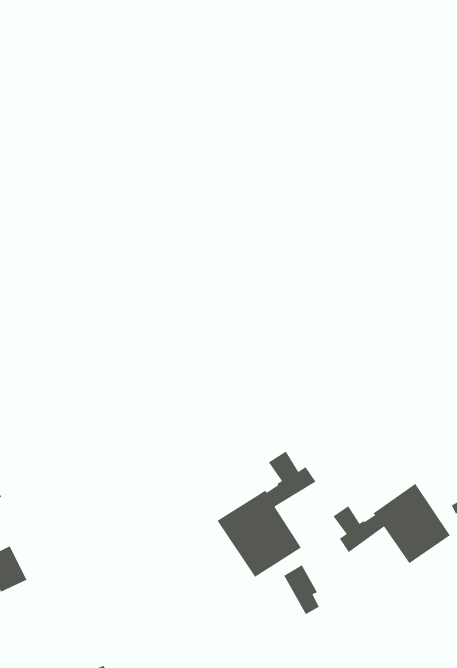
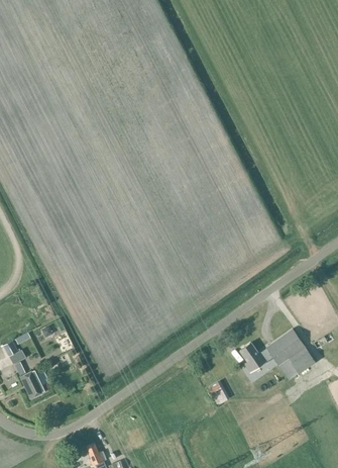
building: [217,451,316,578] -> none

